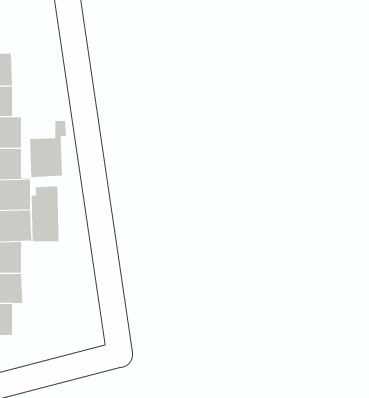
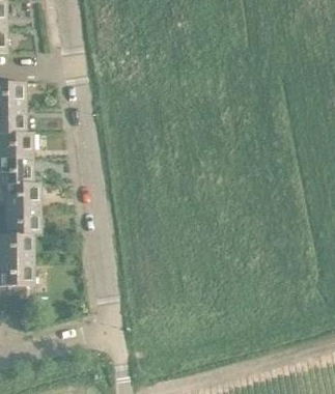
building: [30,120,67,178] -> none
building: [31,185,59,242] -> none

